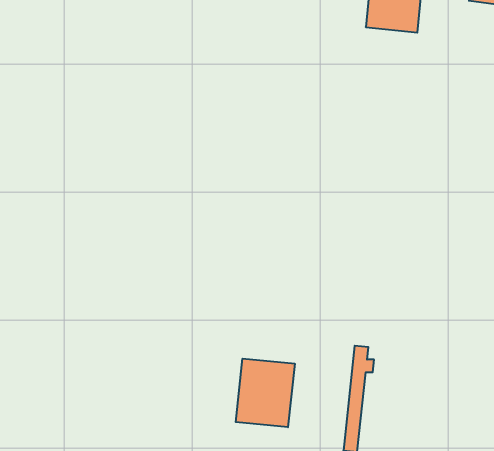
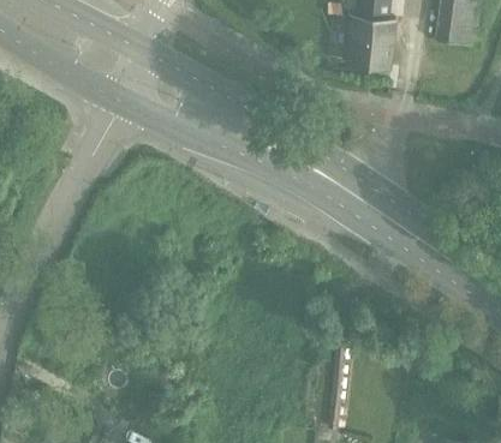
building: [236,359,295,427] -> none

